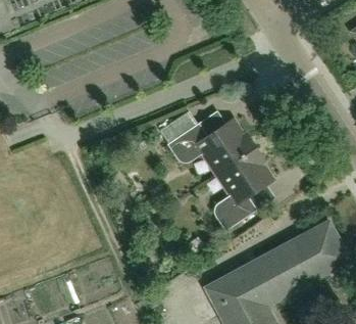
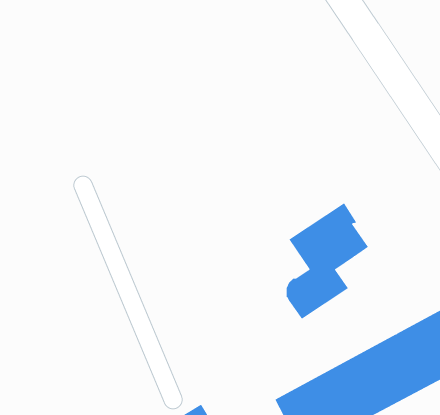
building: [166,119,255,173] -> none

